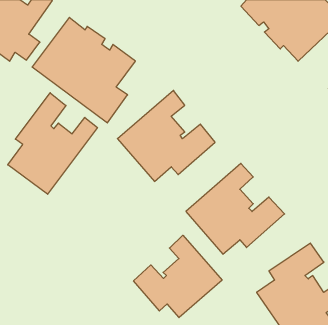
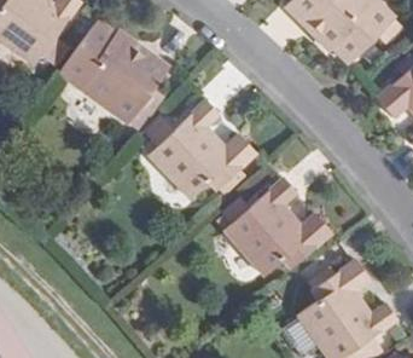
building: [8,93,97,194] -> none
building: [134,235,222,318] -> none

